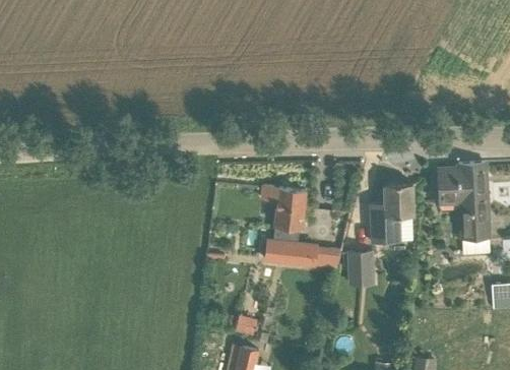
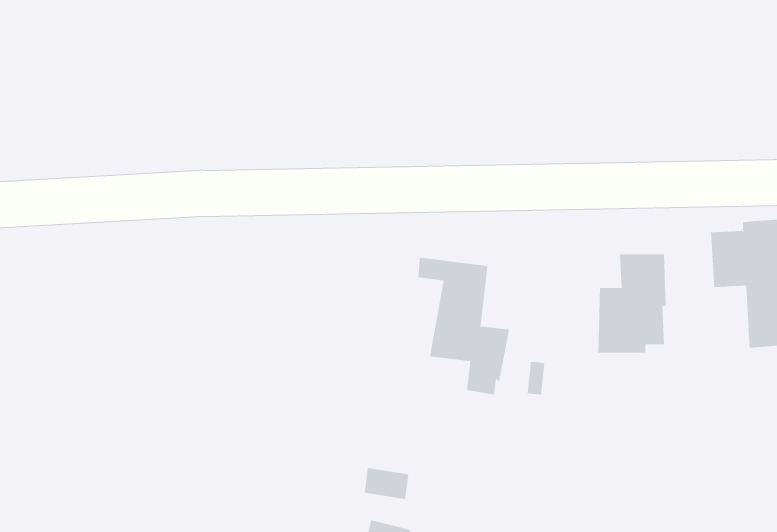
building: [350,253,375,287] -> none

